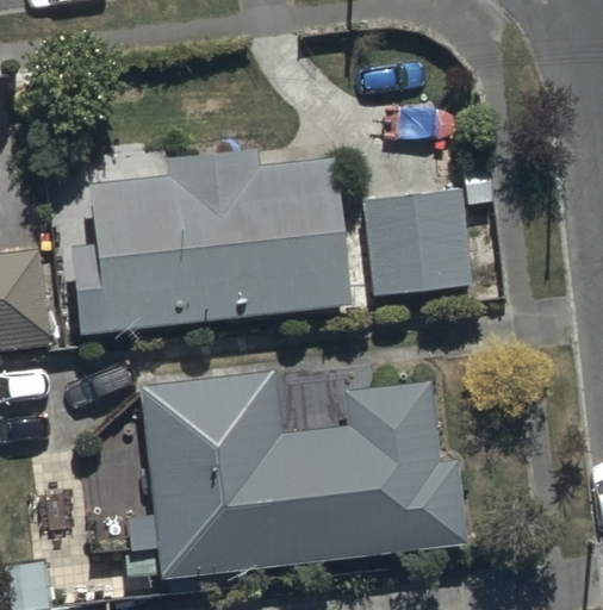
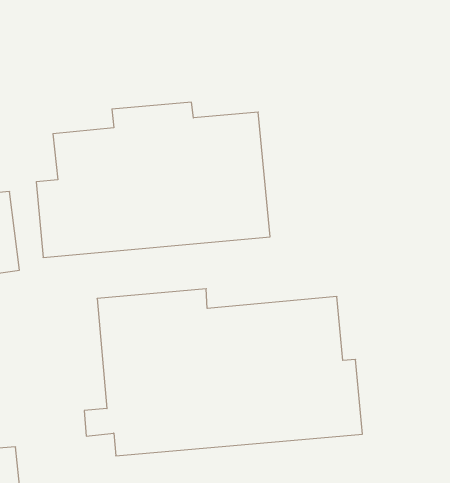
building: [367,192,470,294] -> none

